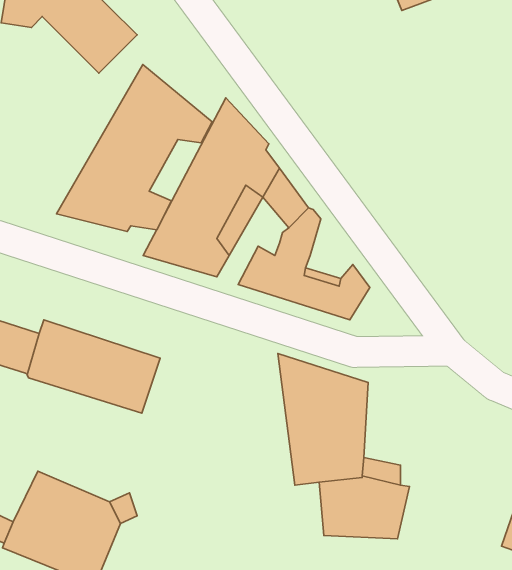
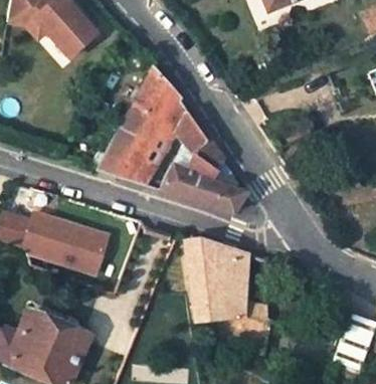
building: [57,65,212,232] -> none

